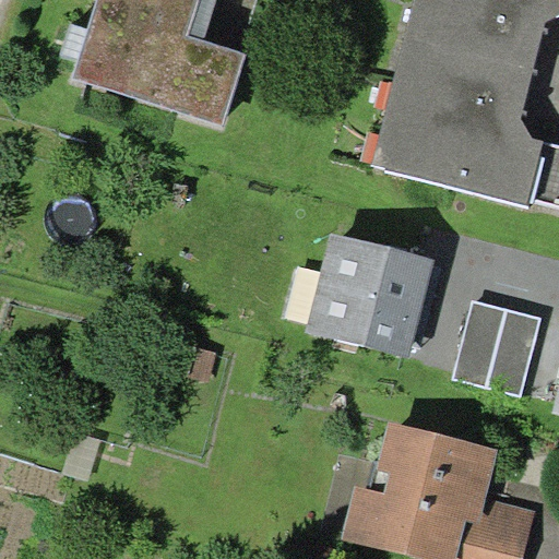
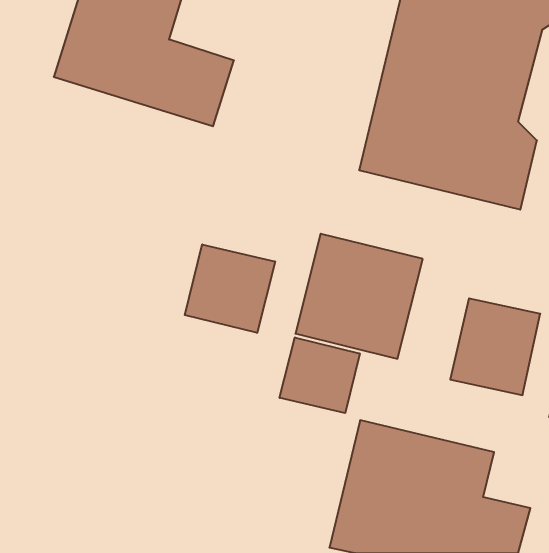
building: none -> [185,244,275,333]
building: none -> [280,337,360,413]

